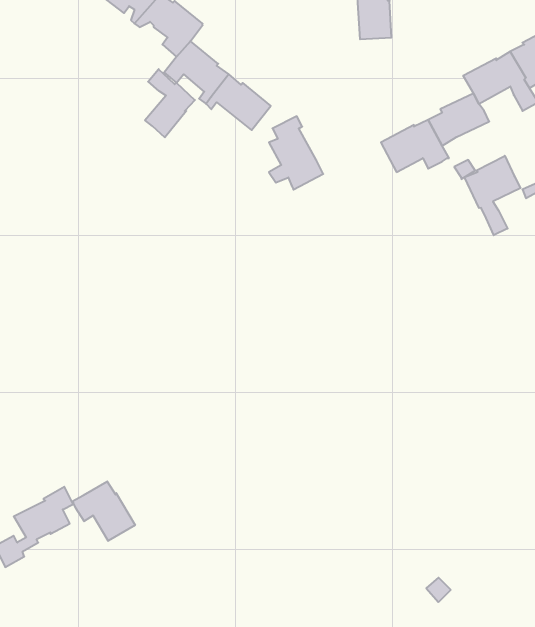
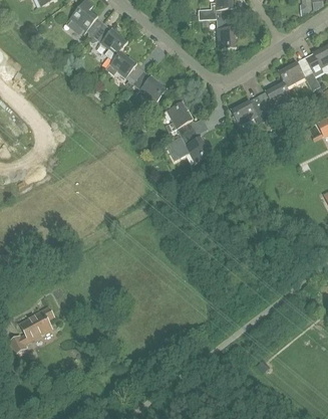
building: [145,69,195,137] -> none
building: [465,156,521,235] -> none
building: none -> [167,128,211,163]
building: [72,481,135,541] -> none

